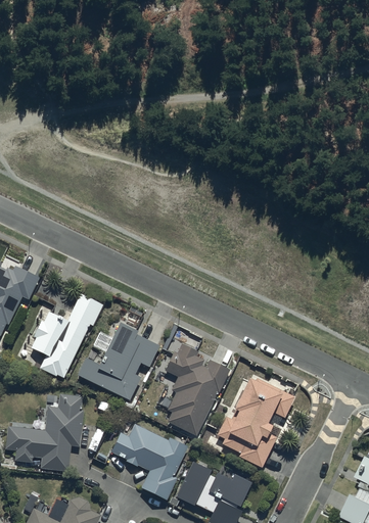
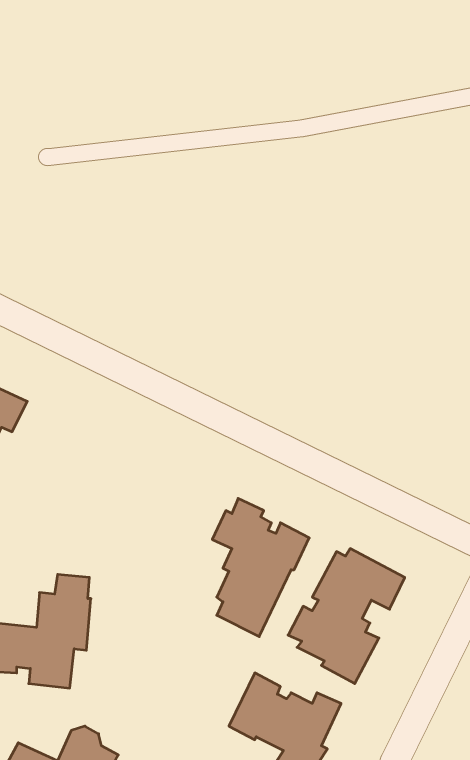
building: [31,293,103,378] -> none
building: [77,323,159,400] -> none
building: [111,424,188,501] -> none

